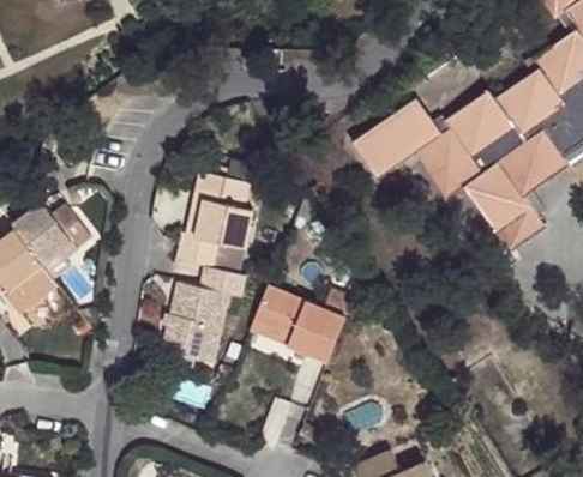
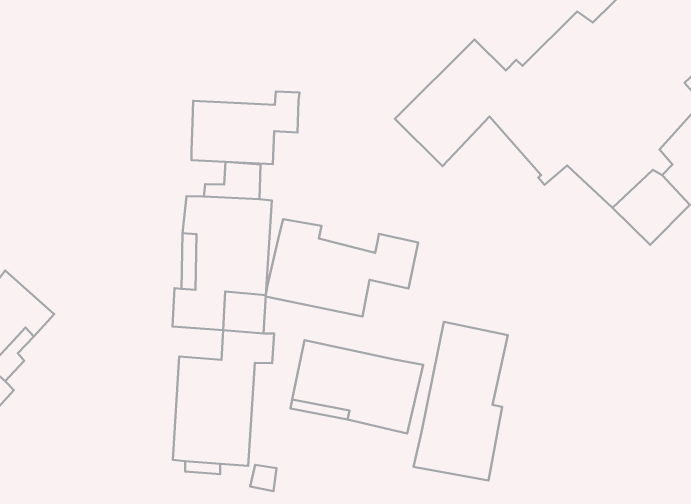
building: none -> [191,91,299,164]
building: none -> [266,219,418,317]
building: none -> [414,322,508,480]

